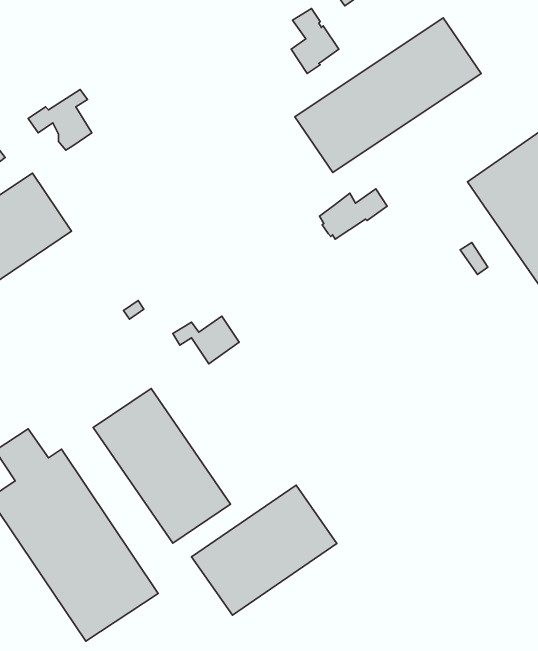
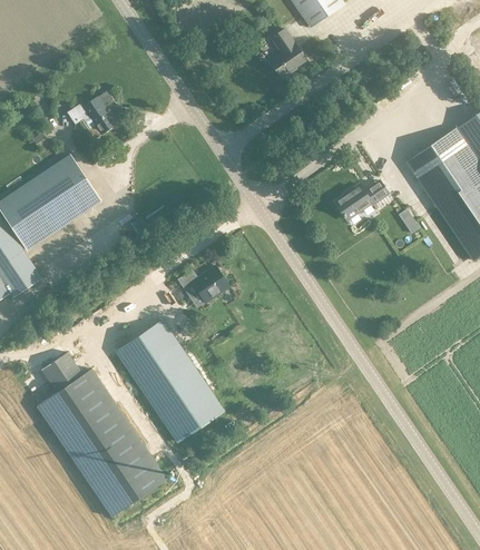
building: [295,18,481,172] -> none
building: [319,189,387,239] -> [336,179,389,218]
building: [192,485,337,615] -> none

